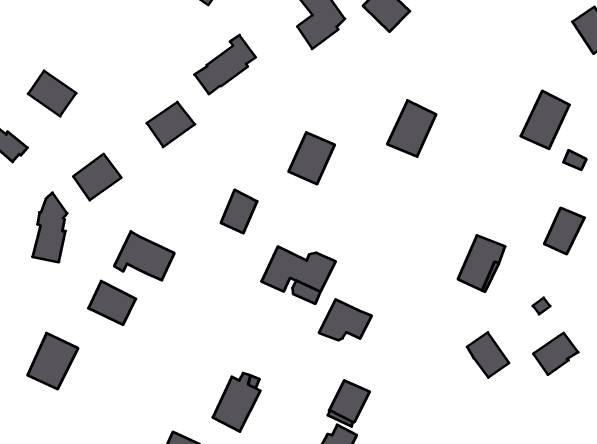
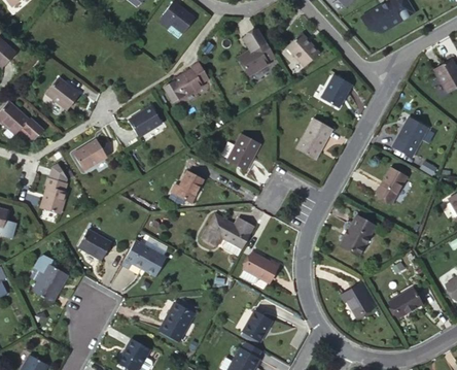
building: none -> [322,73,353,106]
building: [544,208,585,254] -> [377,169,407,202]
building: [114,231,174,280] -> [122,240,166,276]

